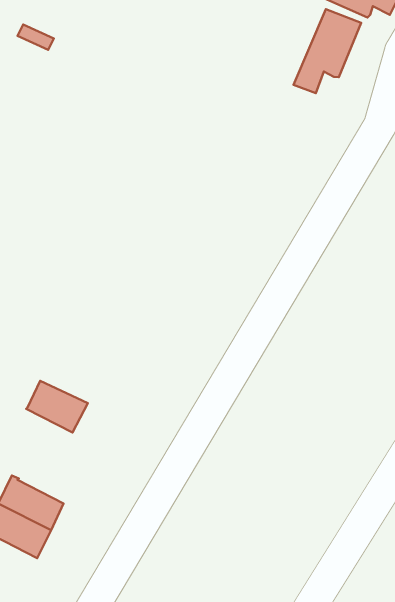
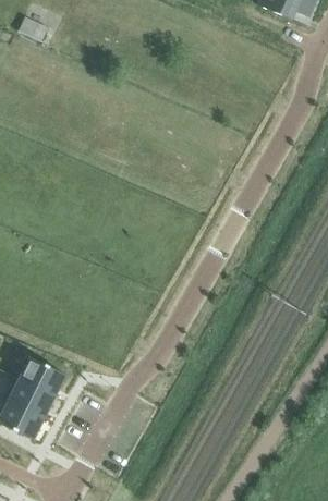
building: [293,9,361,93] -> none
building: [26,381,88,433] -> [19,356,66,396]

